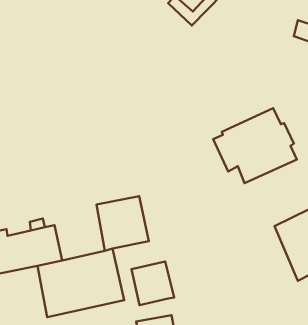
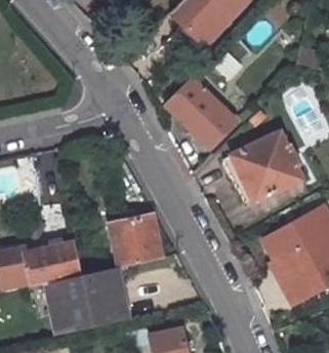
building: none -> [168,80,231,147]
building: [132,261,174,305] -> none

